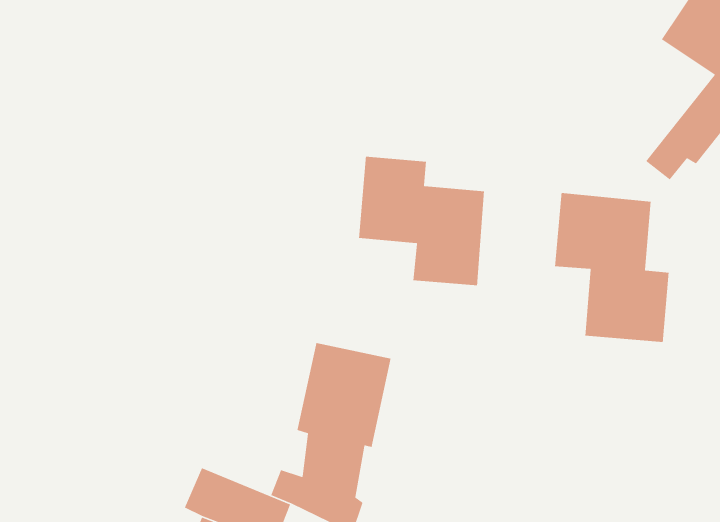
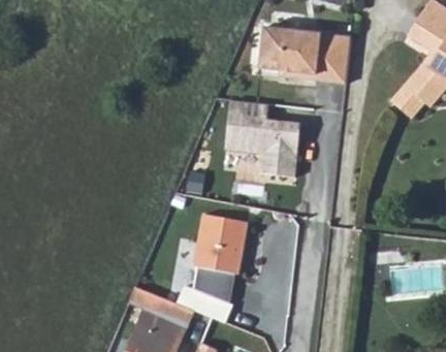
building: none -> [256,26,348,87]
building: [554,192,669,343] -> none

